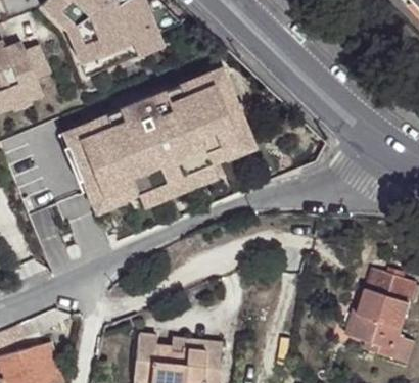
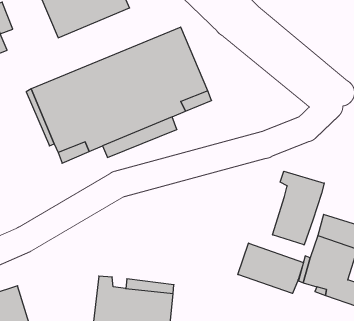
building: none -> [273,171,324,245]
building: none -> [238,243,303,293]

